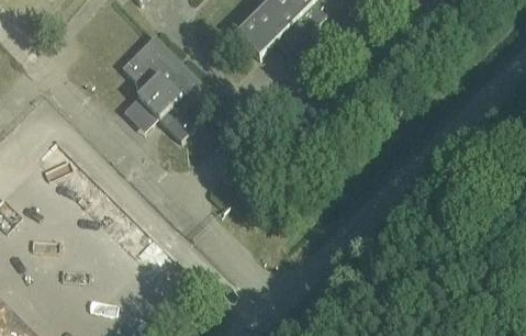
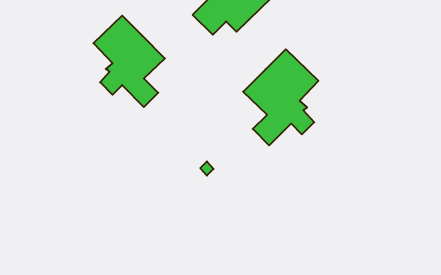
building: none -> [243,49,318,145]

